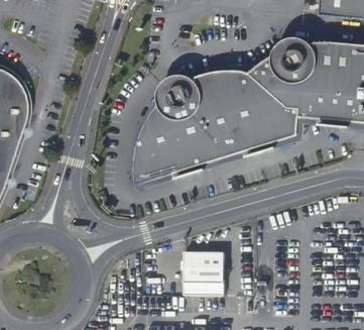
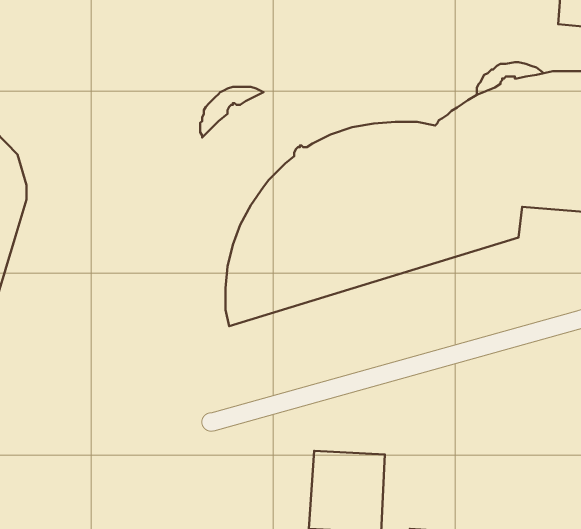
building: [157,73,193,101] -> [200,87,264,137]

